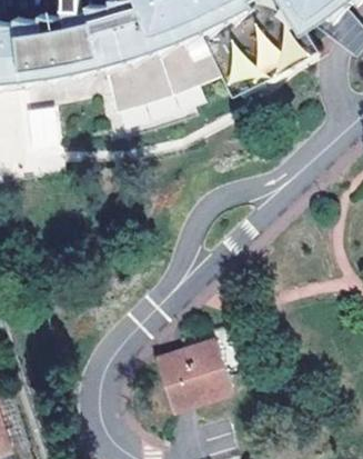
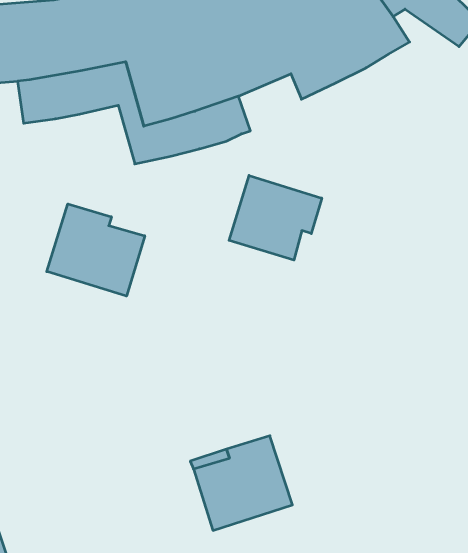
building: none -> [229,175,322,260]
building: none -> [47,204,145,296]

